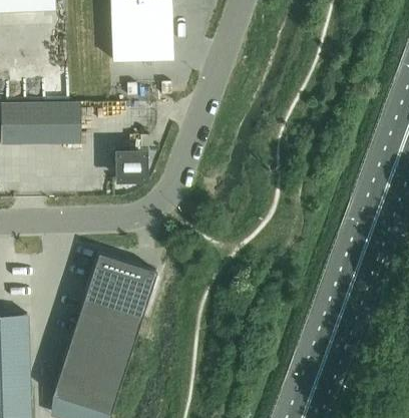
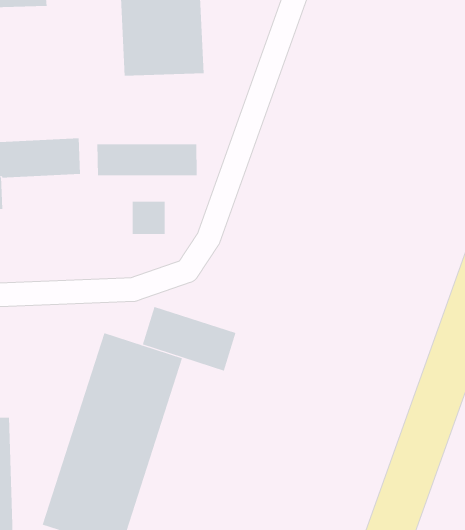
building: none -> [97,143,197,176]
building: none -> [142,306,236,371]

